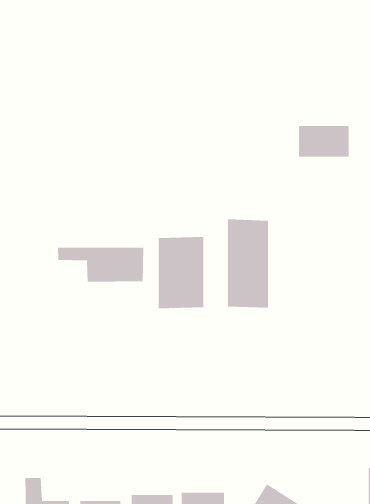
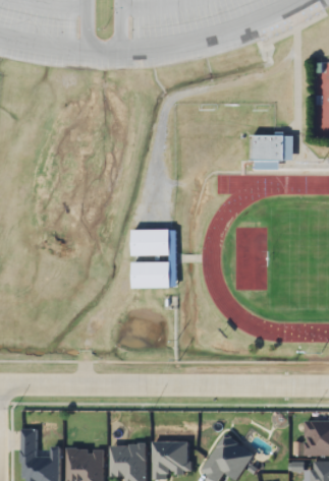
building: [228,219,268,309] -> none
building: [57,247,144,283] -> none

